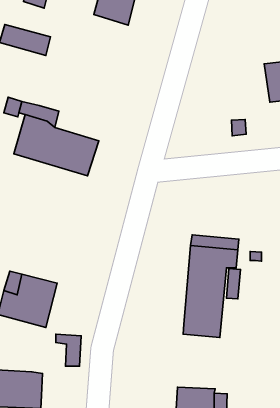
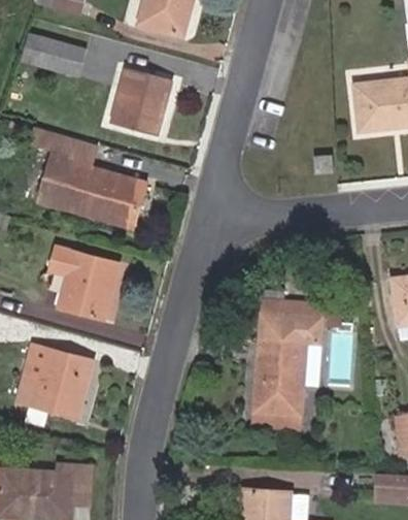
building: none -> [111,68,170,135]
building: none -> [50,246,120,317]
building: [56,334,81,366] -> [61,462,93,502]

